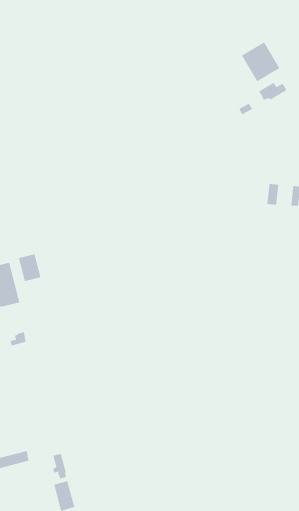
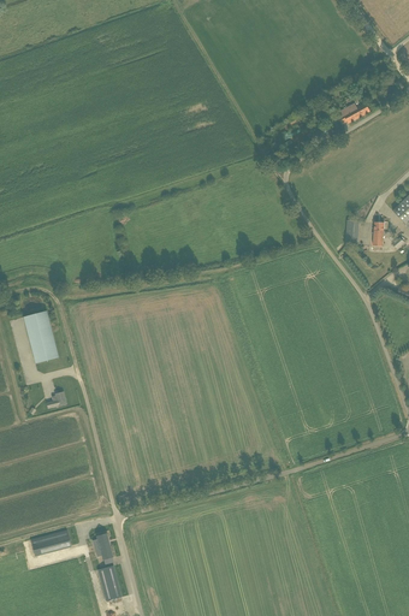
building: [241,42,280,82] -> none
building: [18,253,41,282] -> none

